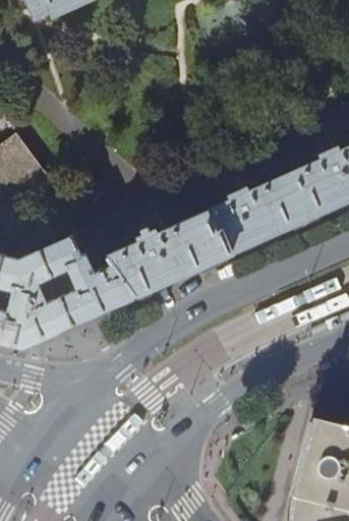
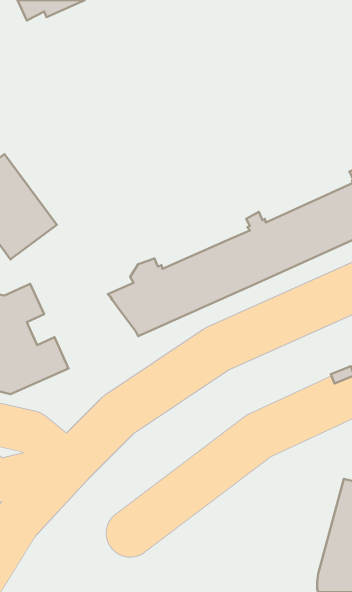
building: [43,236,137,324] -> none

